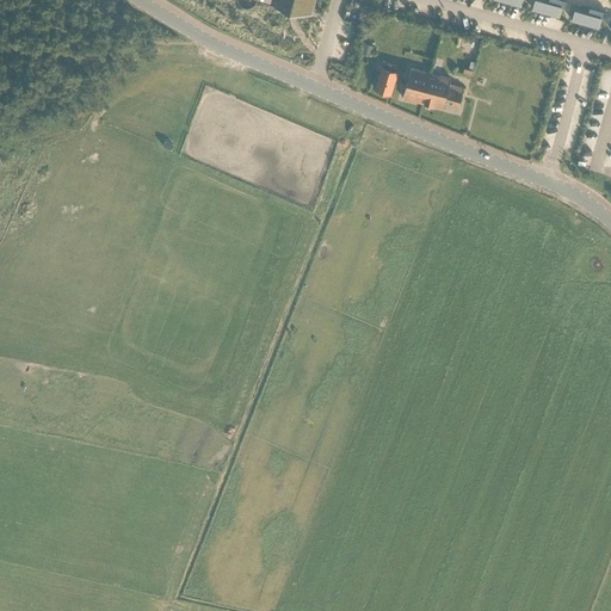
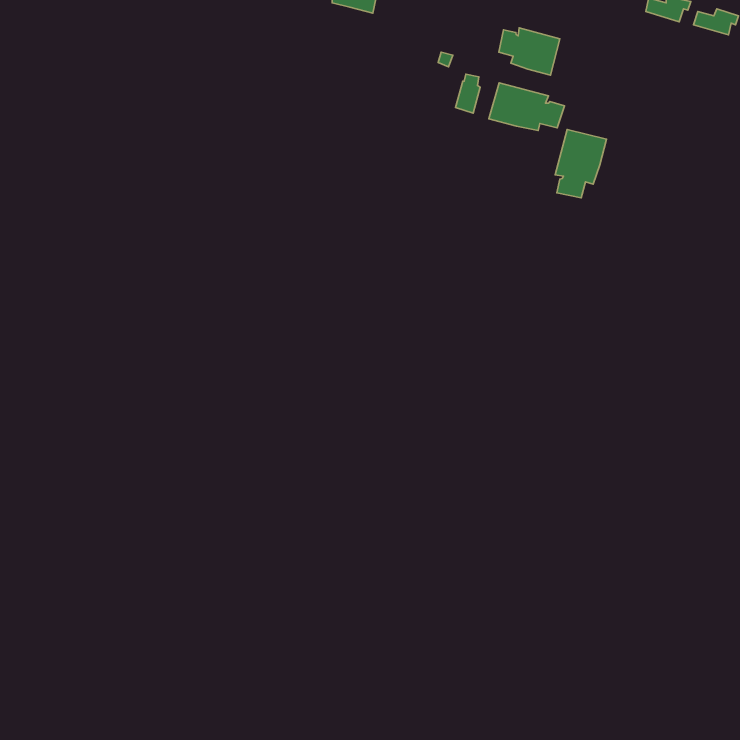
building: none -> [499,28,560,75]
building: none -> [555,129,607,198]

